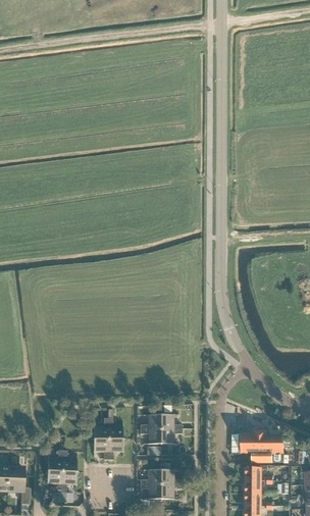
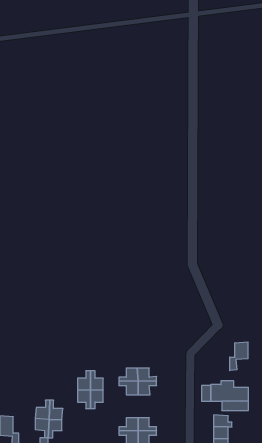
building: none -> [230,342,248,371]

